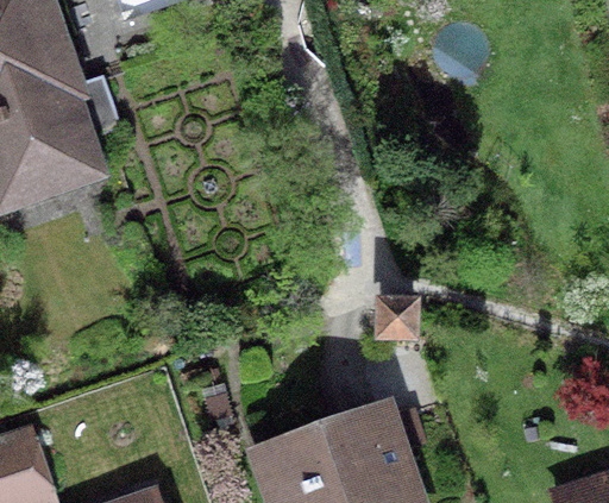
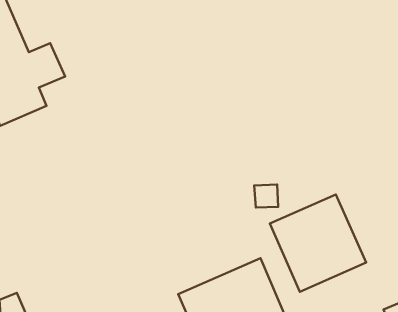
building: none -> [270,195,366,292]

